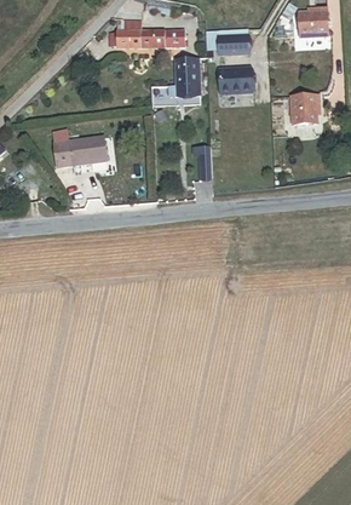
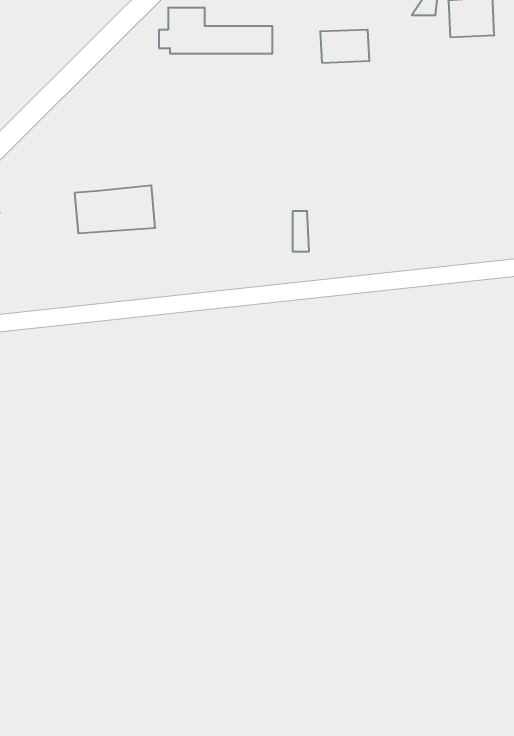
building: [166,56,198,94] -> none
building: [220,68,252,93] -> none
building: [292,96,321,125] -> none

